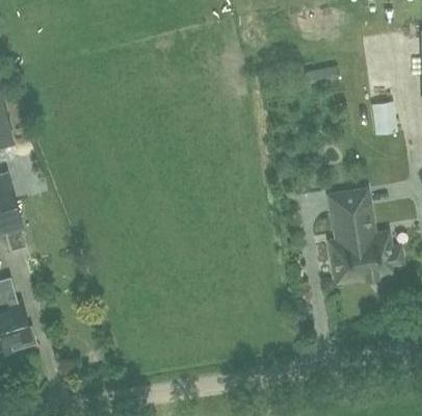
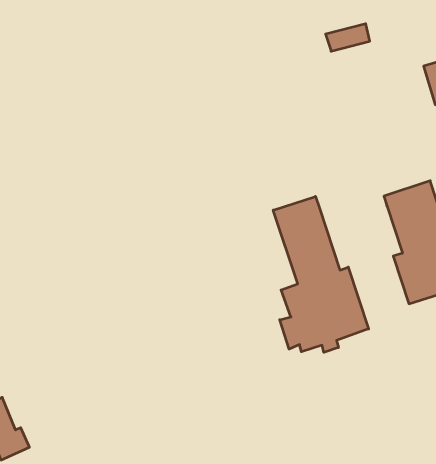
building: none -> [273,196,369,352]

